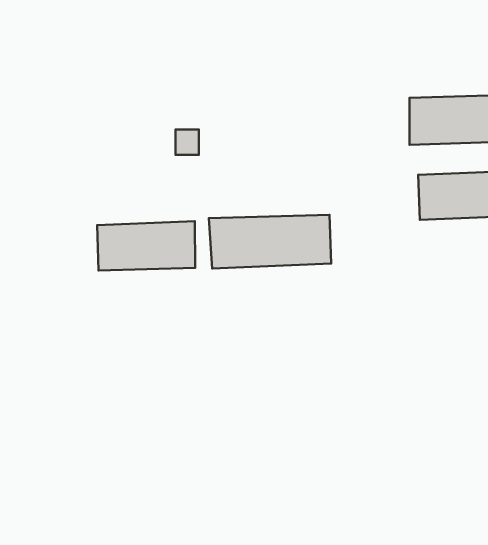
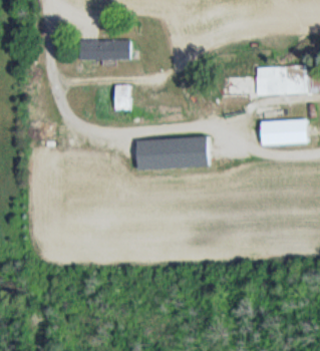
building: none -> [78,41,129,60]
building: [97,221,195,270] -> none

